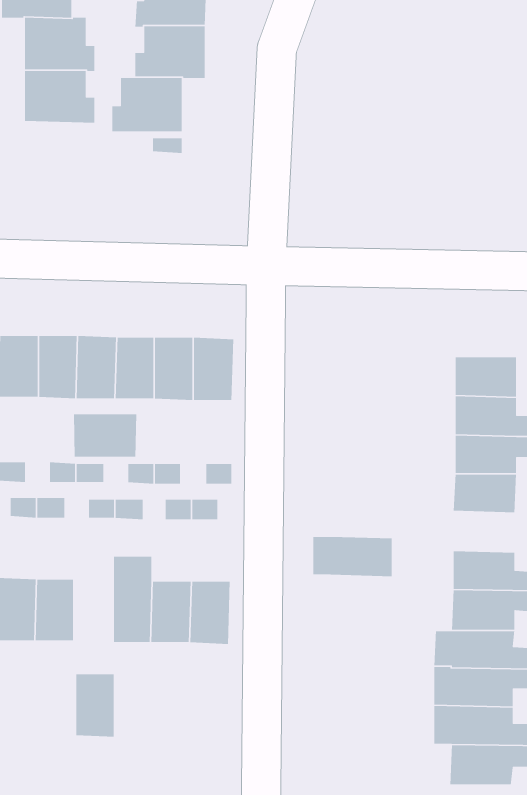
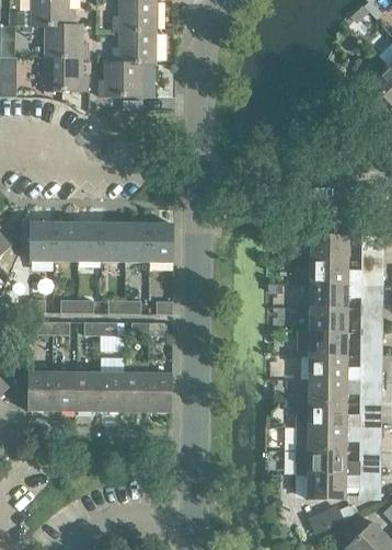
building: [73,413,137,458] -> none
building: [312,536,392,577] -> [298,330,347,355]
building: [75,674,115,738] -> [76,371,100,411]

